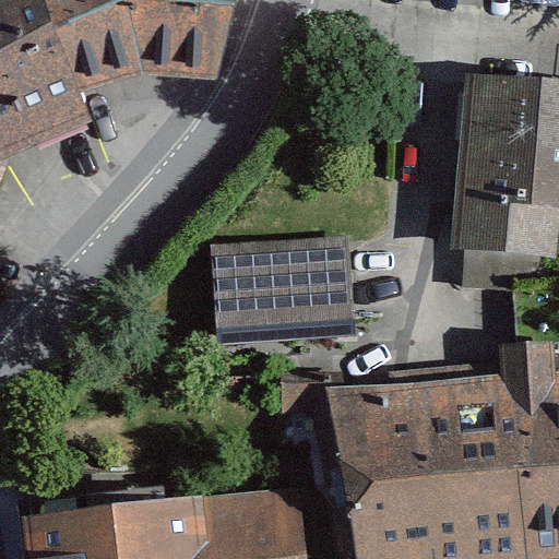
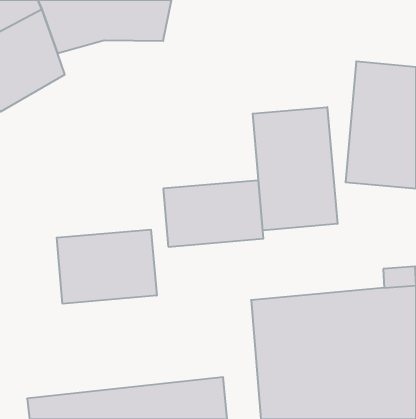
building: none -> [253,107,337,231]
building: none -> [57,230,157,304]

